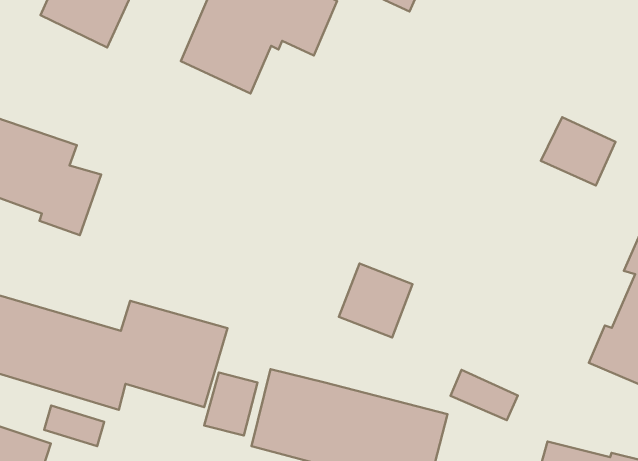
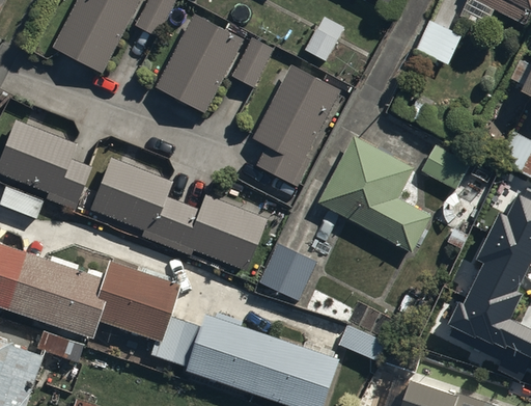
building: none -> [254,63,341,186]
building: none -> [319,139,430,253]
building: none -> [90,157,267,270]

